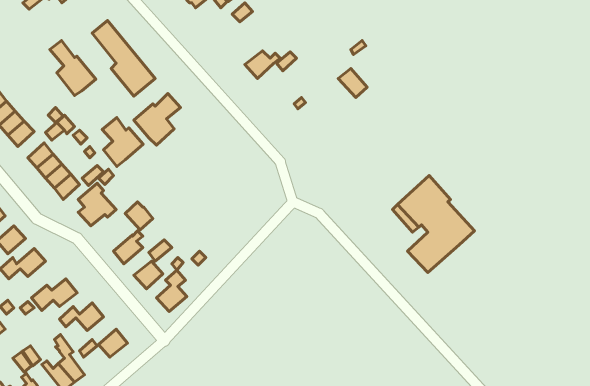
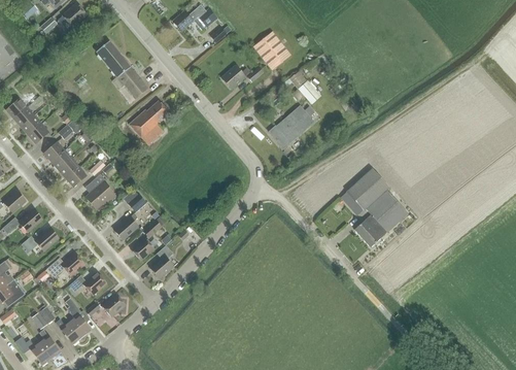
building: none -> [254,32,291,68]
building: [50,41,96,95] -> none
building: none -> [269,105,315,148]
building: [102,117,143,166] -> none

